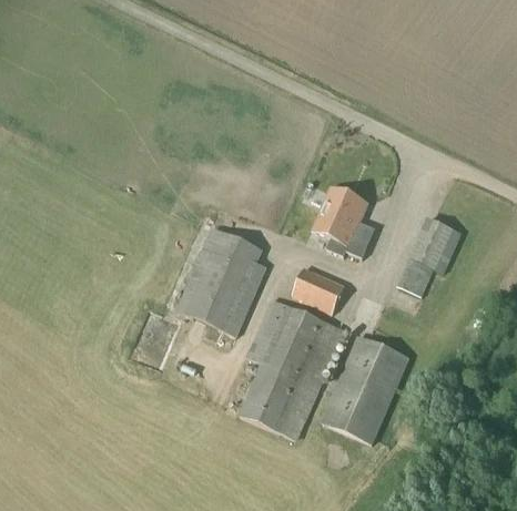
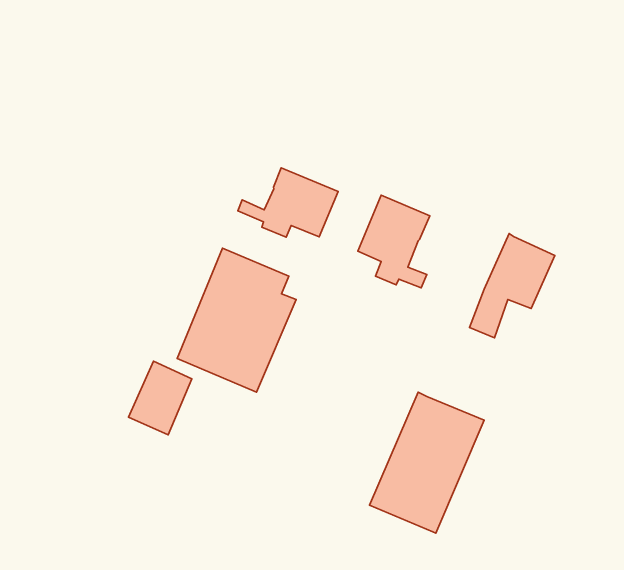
building: none -> [238,168,338,237]
building: [292,266,344,314] -> none
building: [240,298,342,438] -> none

